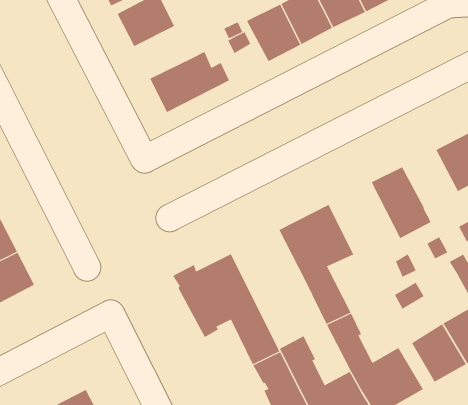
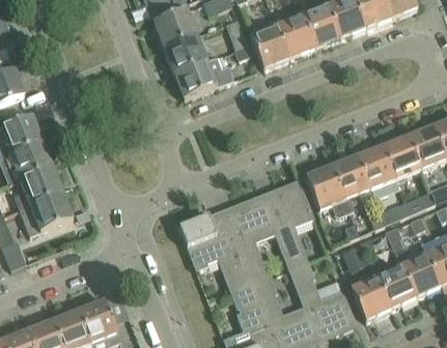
building: none -> [164,35,206,72]
building: none -> [355,144,396,189]
building: none -> [306,166,350,215]
building: none -> [222,195,275,284]

